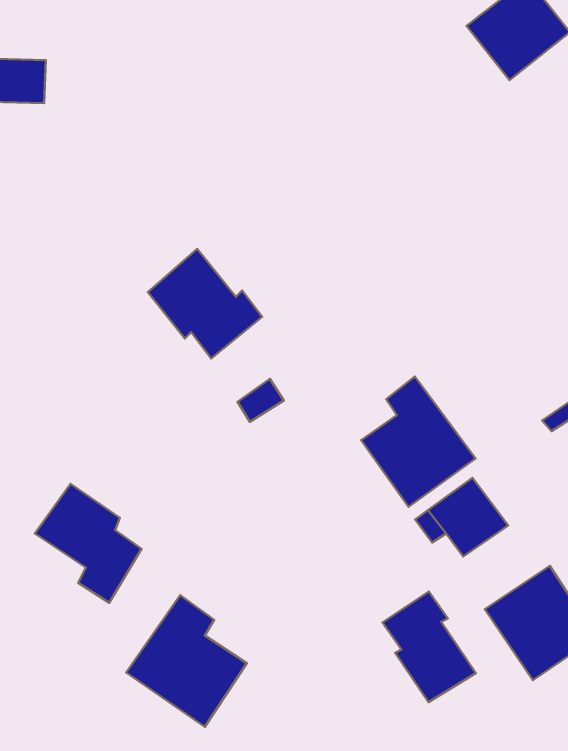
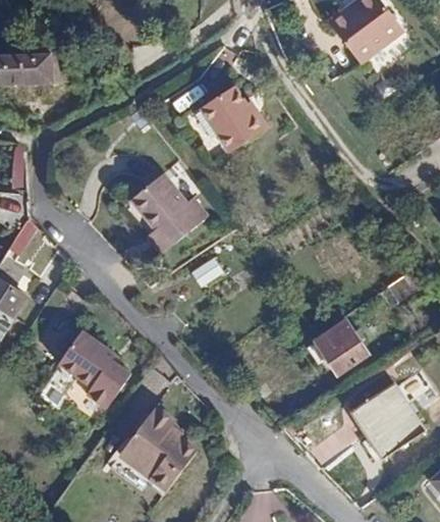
building: none -> [198,81,268,148]
building: [361,377,476,507] -> none
building: [382,592,476,702] -> none

